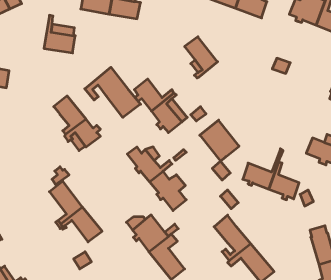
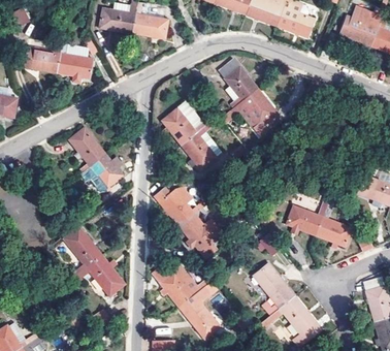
building: none -> [25,35,64,73]
building: [85,67,141,117] -> none
building: [200,120,239,161] -> [236,89,282,136]

